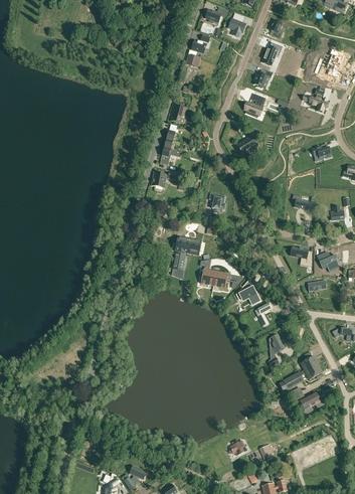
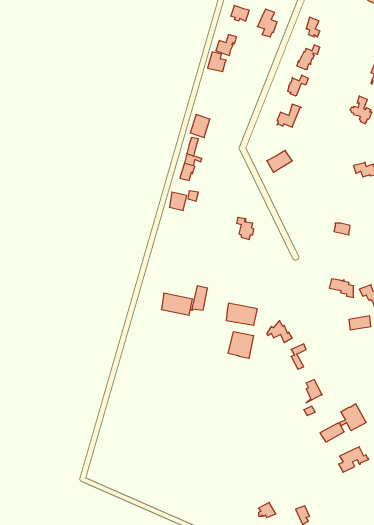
building: [175,236,202,256] -> [161,293,193,315]
building: none -> [228,332,253,359]

